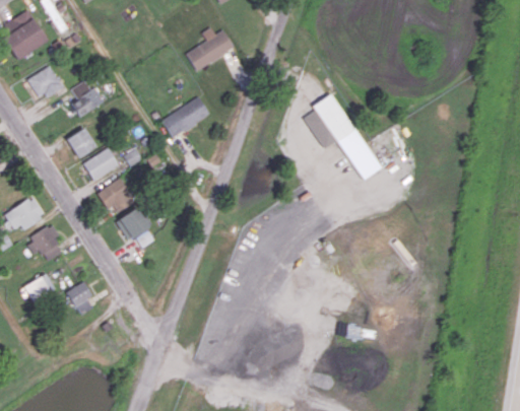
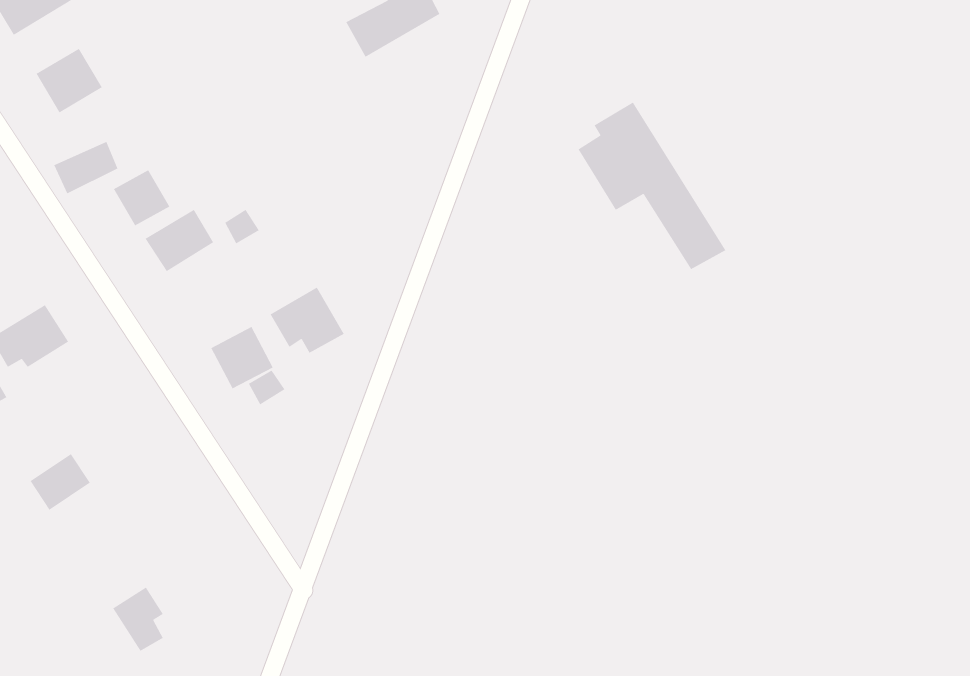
building: [70,89,104,117] -> [53,141,119,195]
building: [161,98,210,136] -> none
building: [96,178,135,212] -> [269,286,345,354]
building: [26,224,63,261] -> none
building: [67,281,93,315] -> [112,586,164,652]

